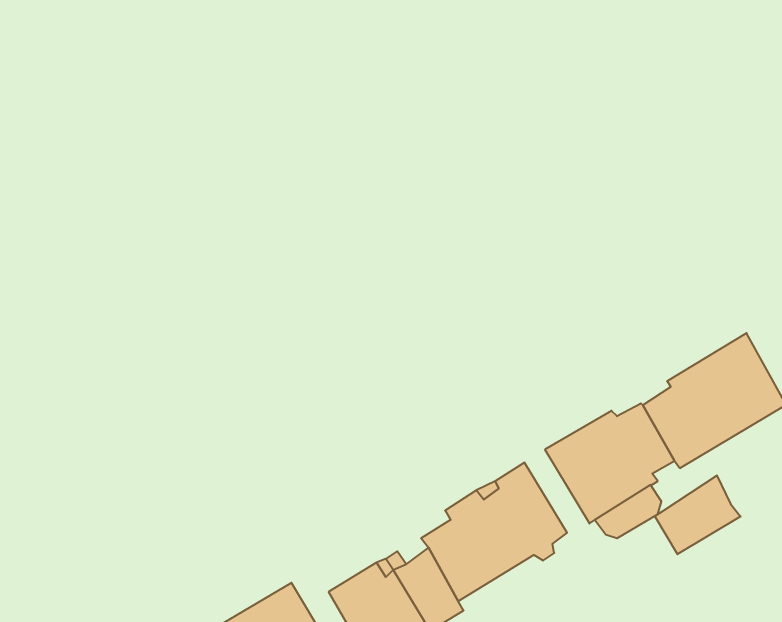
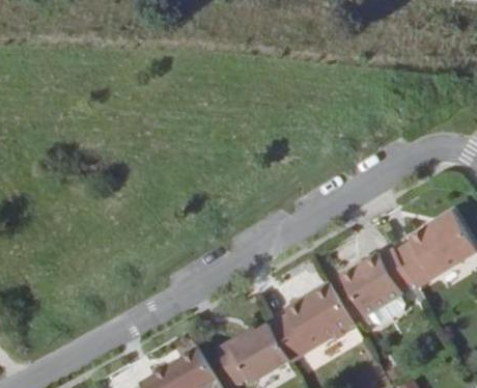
building: [655,475,741,554] -> none

